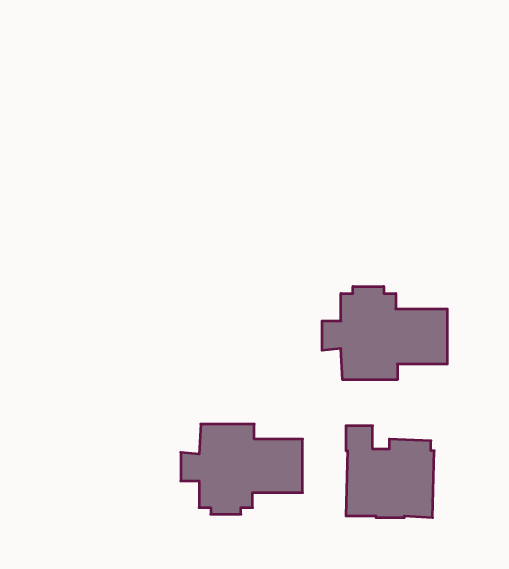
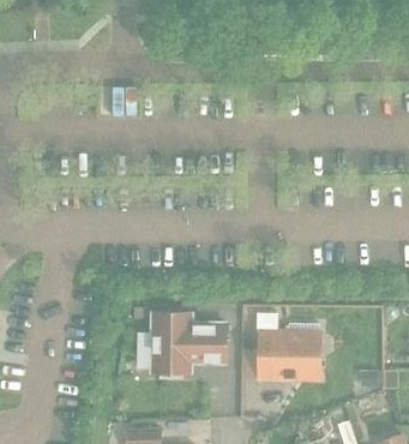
building: [322,286,447,380] -> none

